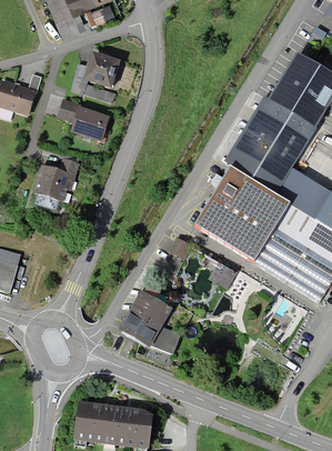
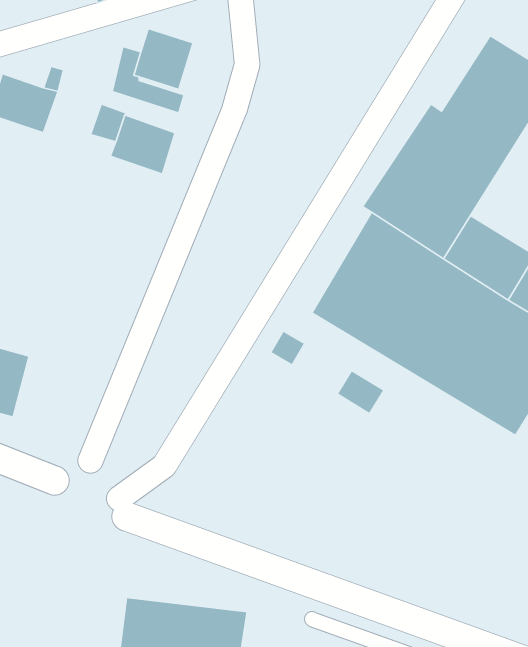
building: [31,158,78,211] -> none
building: [123,293,178,352] -> none

